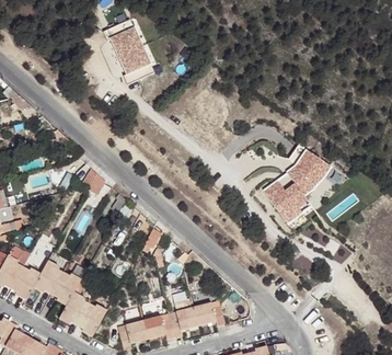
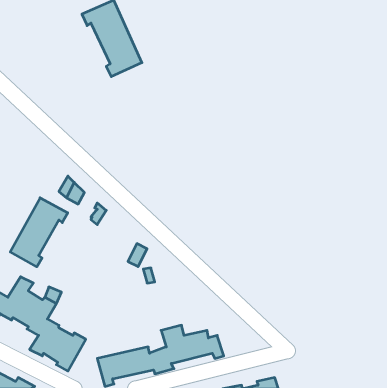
building: [266,145,331,217] -> none
building: none -> [10,198,68,267]

